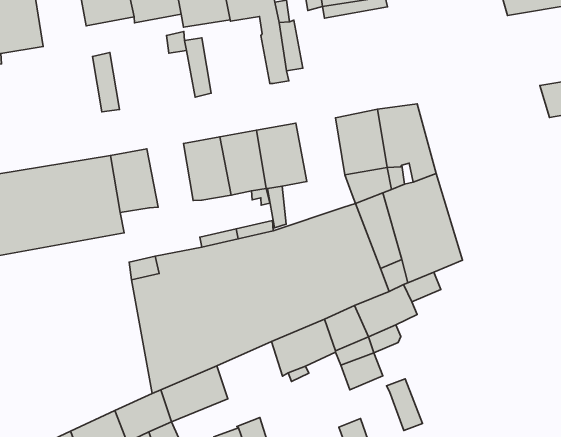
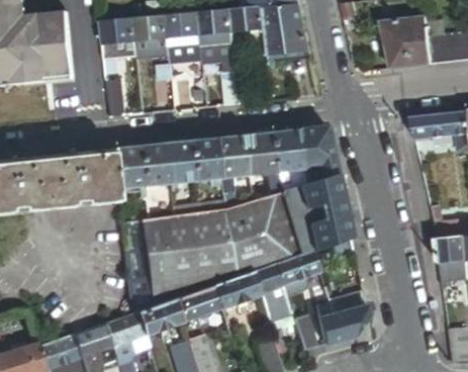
building: none -> [243,131,274,174]
building: none -> [139,143,169,185]
building: none -> [315,289,368,343]
building: none -> [178,282,222,319]

